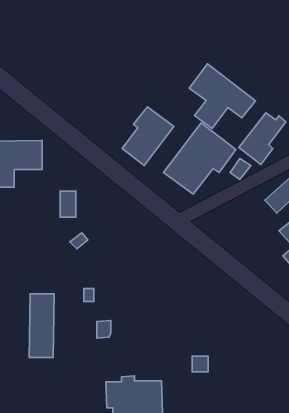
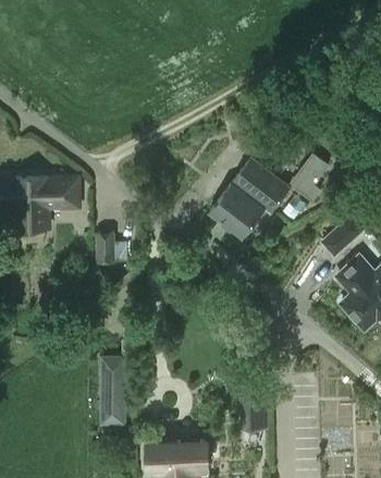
building: [189,64,256,129] -> none
building: [122,107,174,166] -> none
building: [29,294,54,358] -> [100,356,127,426]

